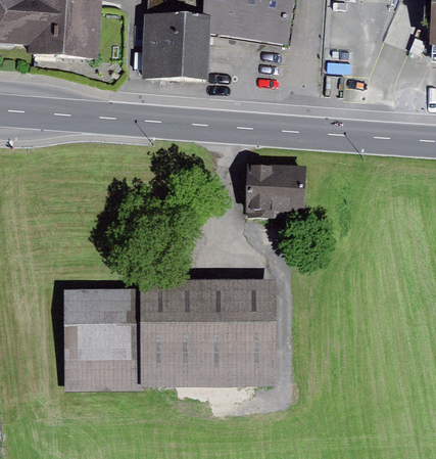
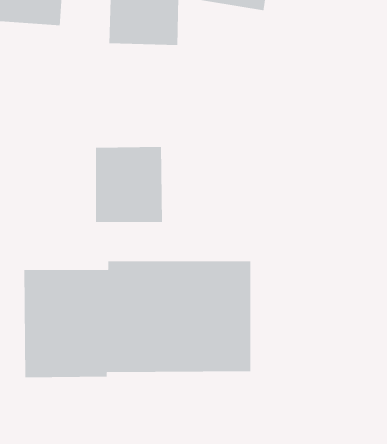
building: [245,166,304,218] -> none
building: none -> [95,146,163,223]

